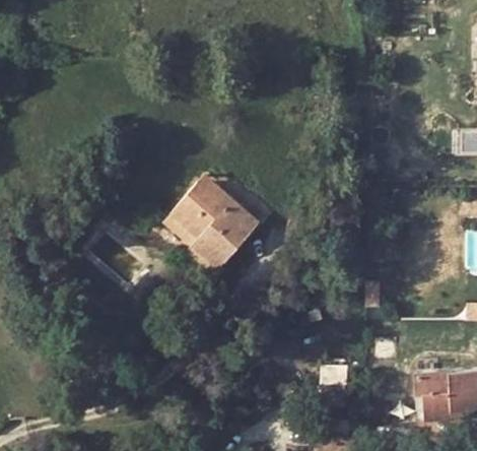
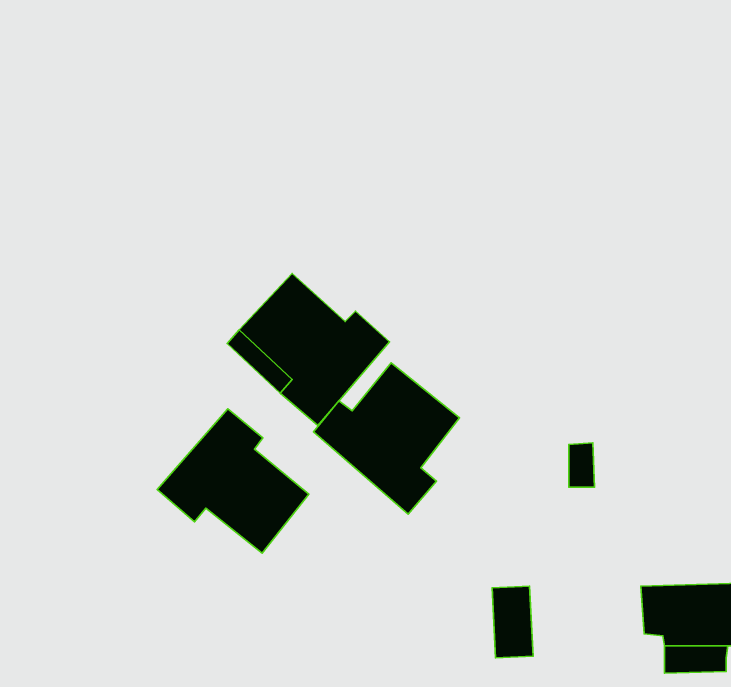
building: none -> [314,363,460,514]
building: none -> [157,409,309,553]

